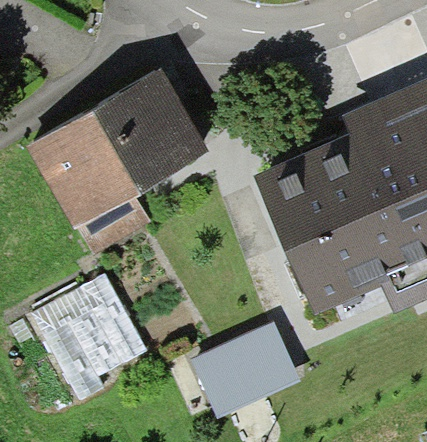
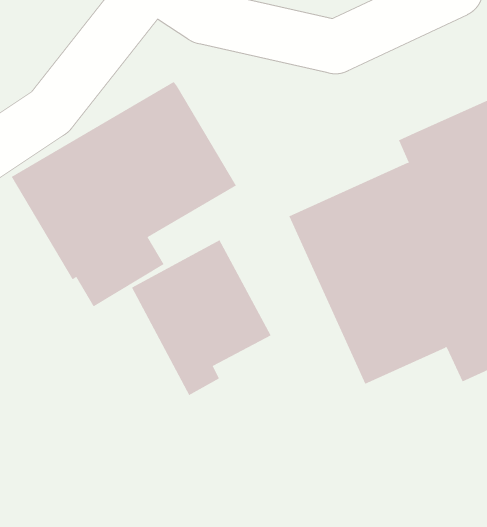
building: [32,271,146,398] -> [131,240,271,396]
building: [190,320,301,418] -> none

